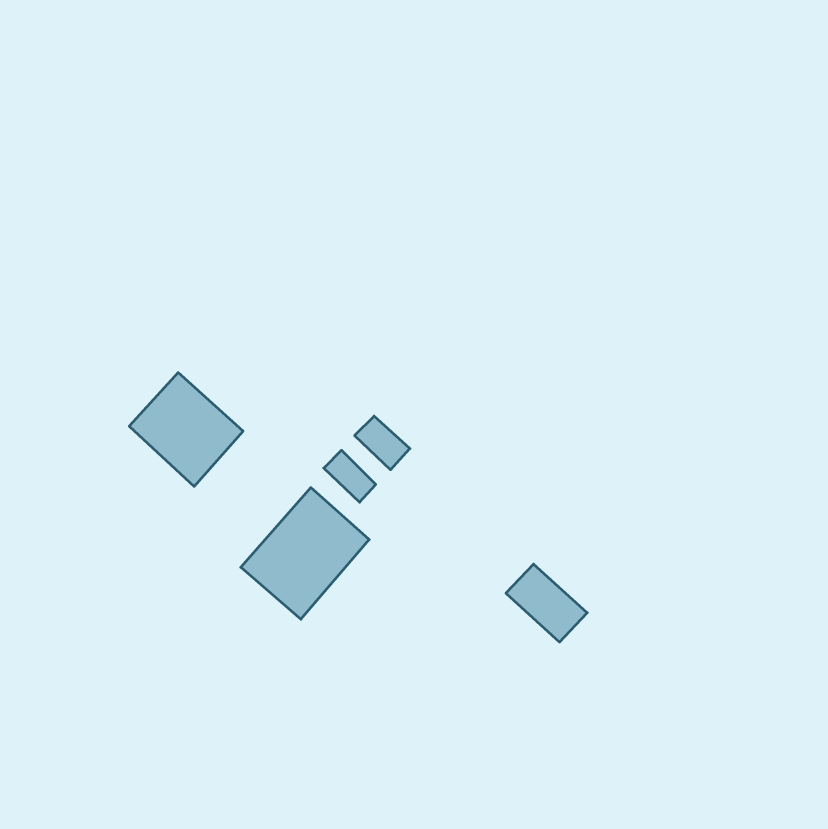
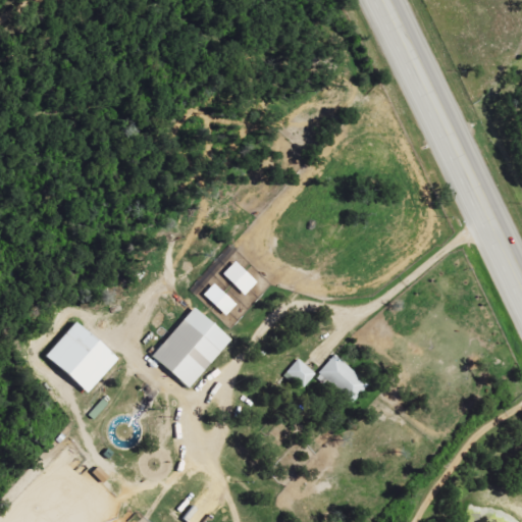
building: [129,373,243,486] -> [47,321,118,393]
building: none -> [285,358,315,387]

